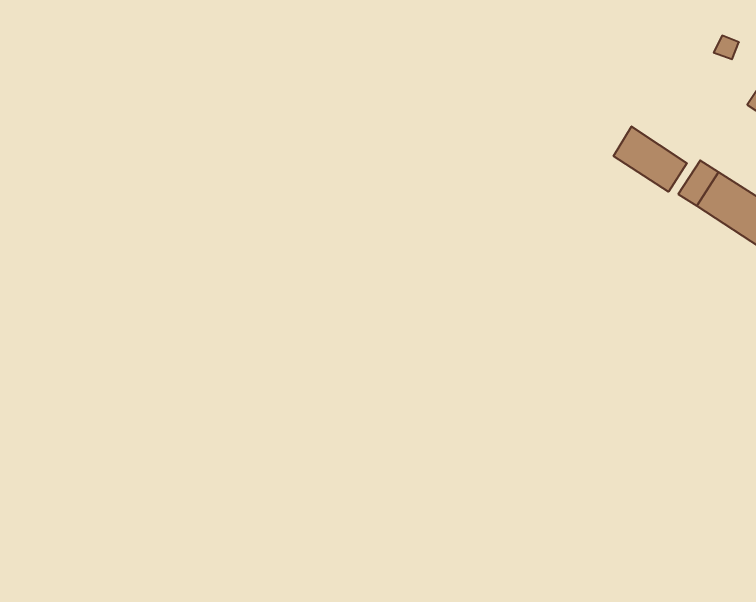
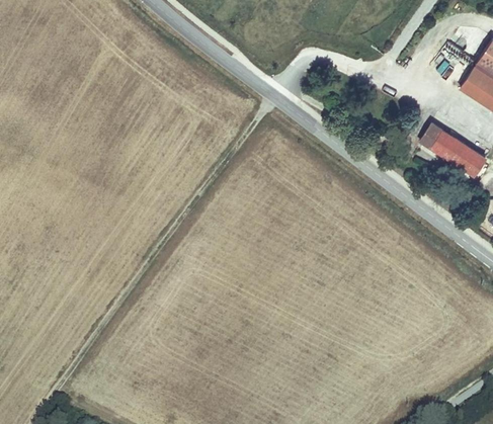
building: [614,126,687,192] -> none

